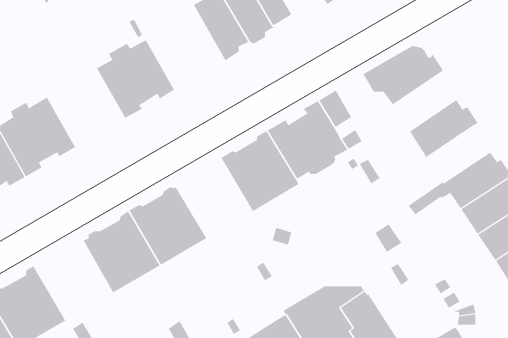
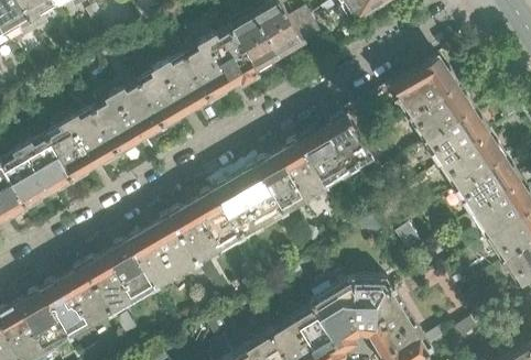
building: none -> [184,28,257,100]
building: none -> [93,80,164,153]
building: none -> [411,85,475,139]
building: none -> [442,133,506,186]
building: none -> [212,163,282,237]
building: none -> [80,239,153,313]

